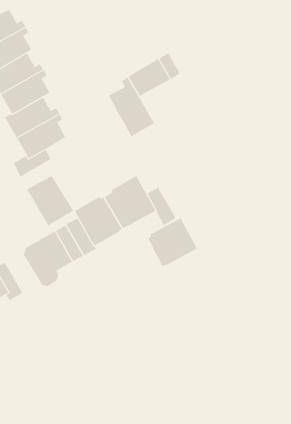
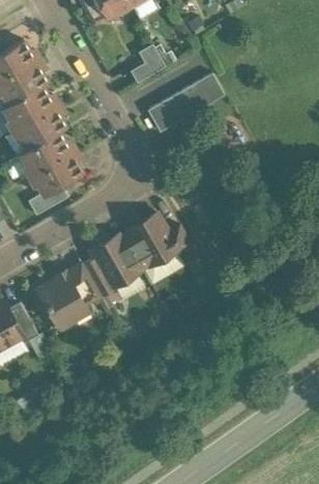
building: none -> [128,45,165,83]
building: none -> [189,74,224,108]
building: [108,77,155,138] -> none
building: [27,175,74,226] -> none
building: [147,217,197,267] -> none

